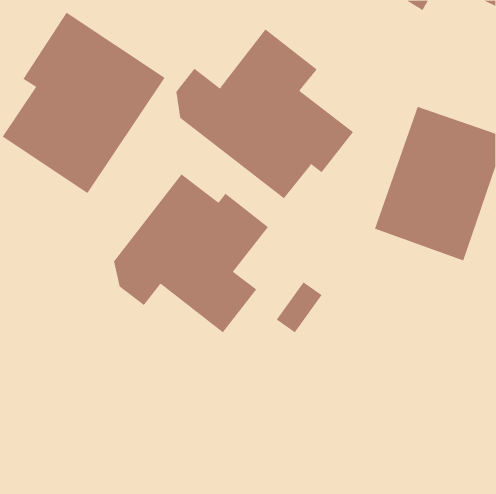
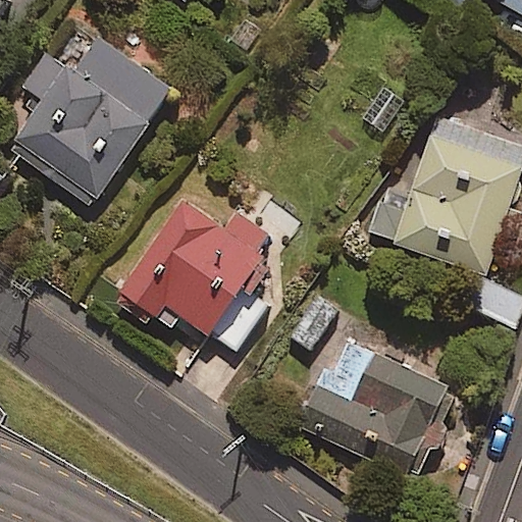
building: [176,29,354,199] -> none
building: none -> [299,336,458,481]

